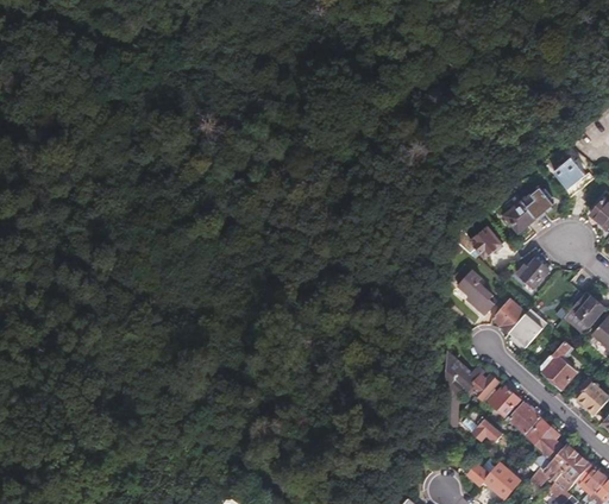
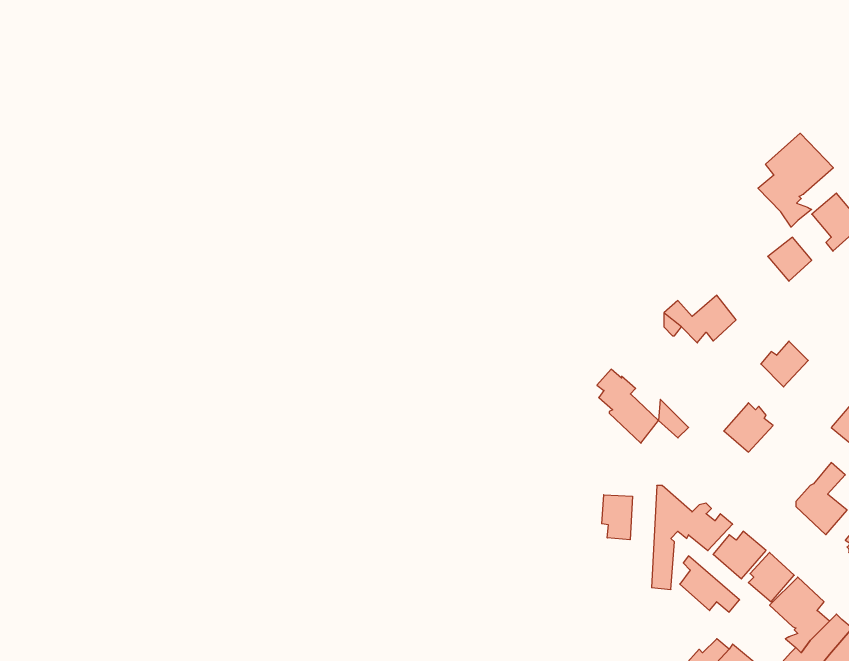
building: none -> [758,133,833,227]
building: [504,201,536,233] -> none
building: [456,266,497,316] -> [597,369,659,443]
building: [509,309,545,351] -> none
building: none -> [602,495,632,540]

